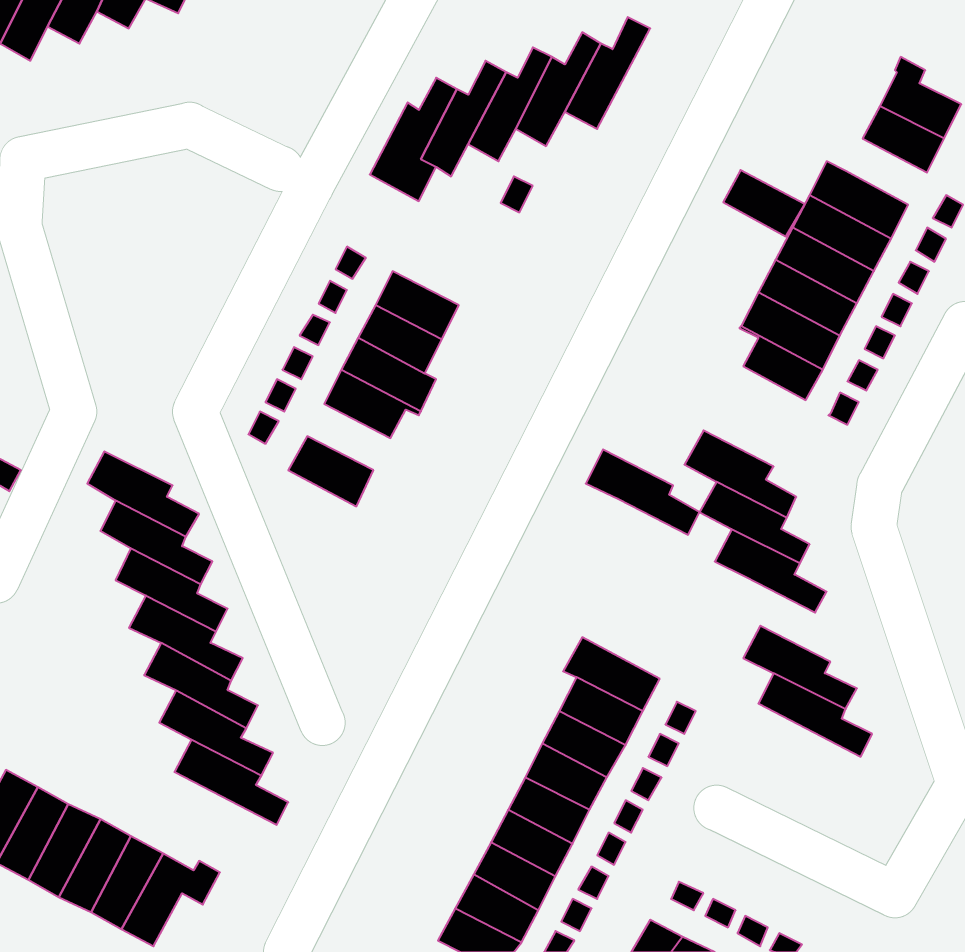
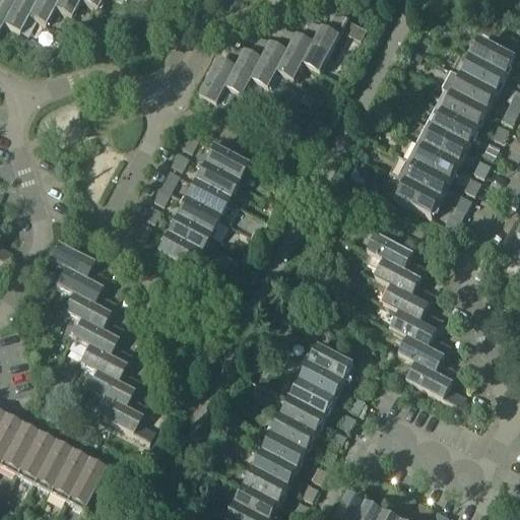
building: [723,170,805,236] -> [453,74,497,110]
building: none -> [165,216,209,252]
building: [586,449,700,535] -> [390,309,451,354]

